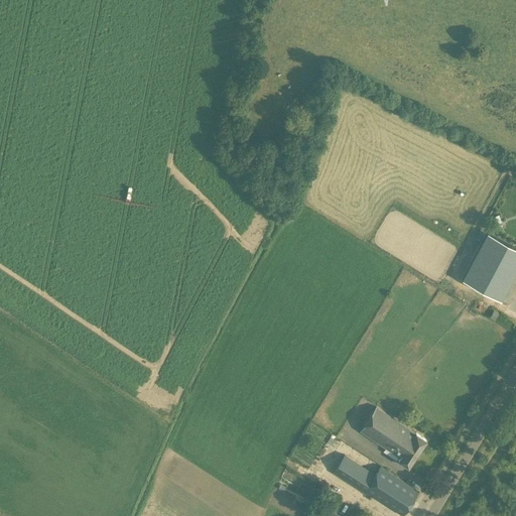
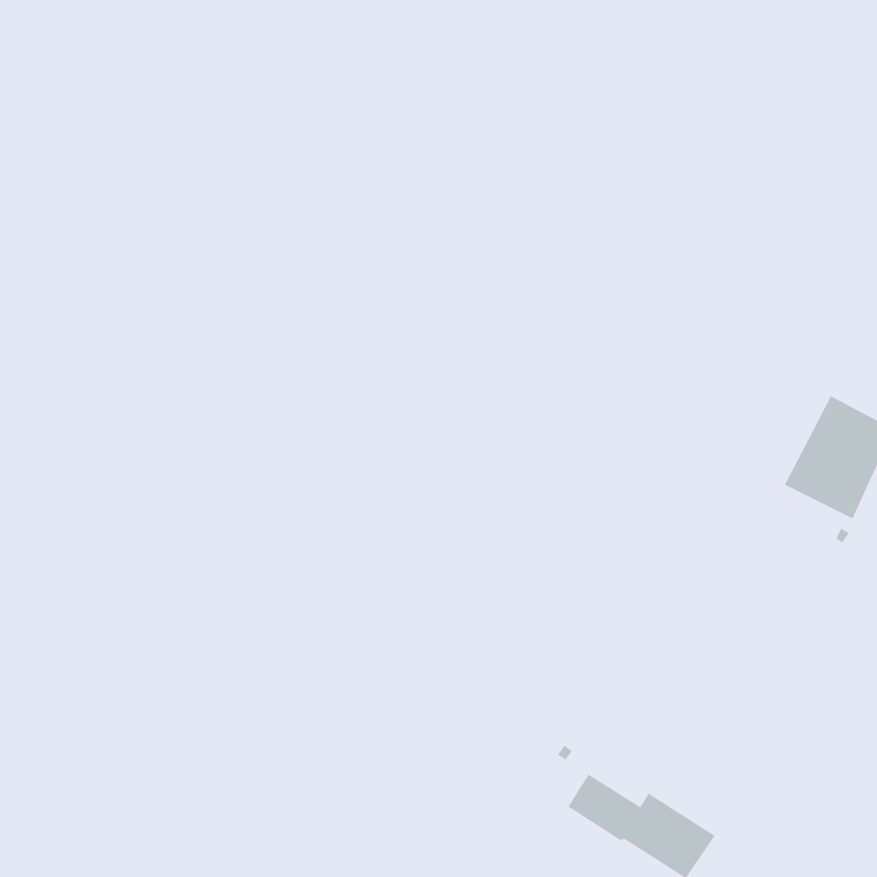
building: [361,407,427,468] -> none

